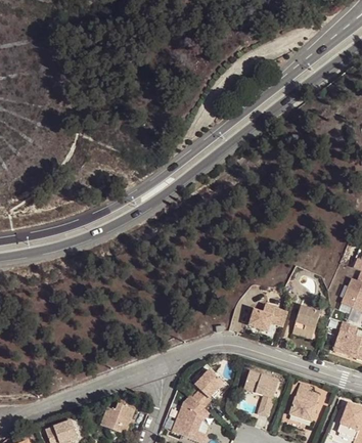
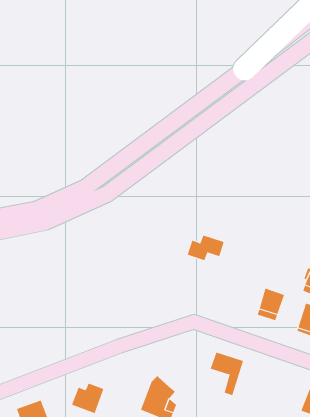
building: [248,304,287,330] -> [187,235,225,261]
building: [191,368,223,406] -> none
building: [289,384,318,420] -> none

